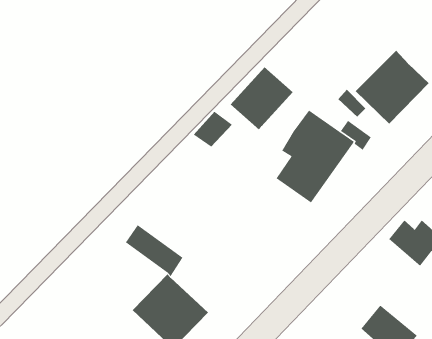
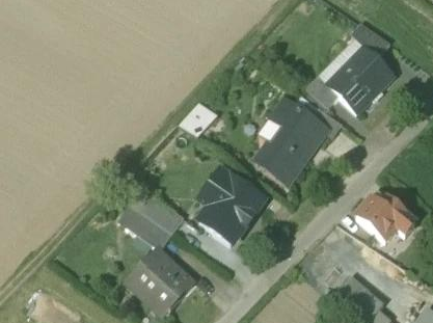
building: none -> [350,24,389,59]
building: [230,67,293,130] -> none
building: none -> [199,169,264,245]
building: none -> [142,197,184,235]

